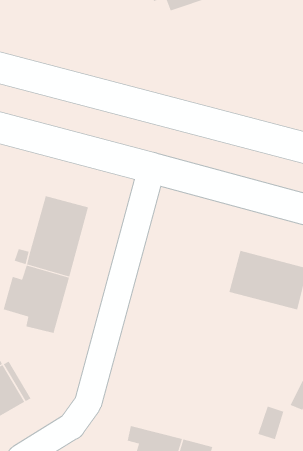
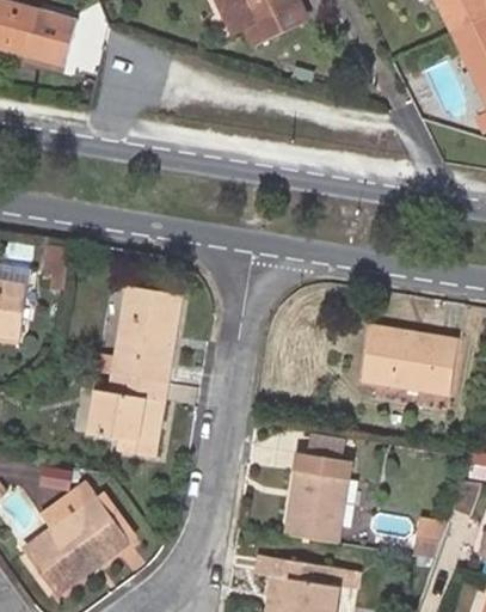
building: none -> [287,455,350,540]

